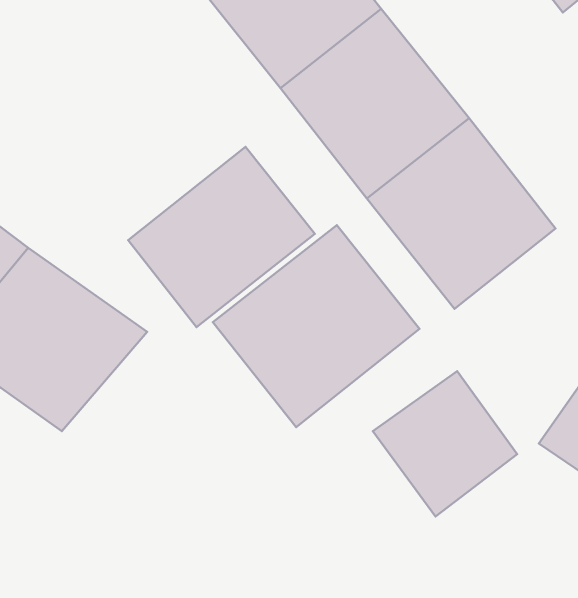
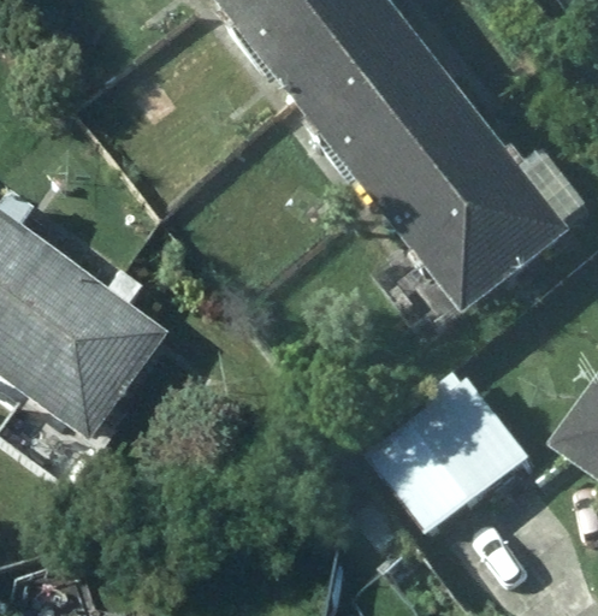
building: [128,147,315,327] -> none
building: [213,225,420,427] -> none

